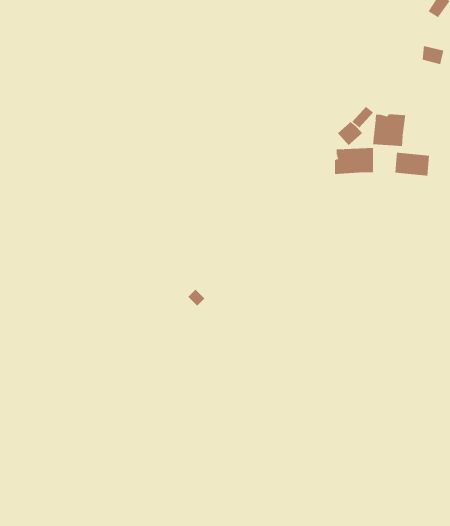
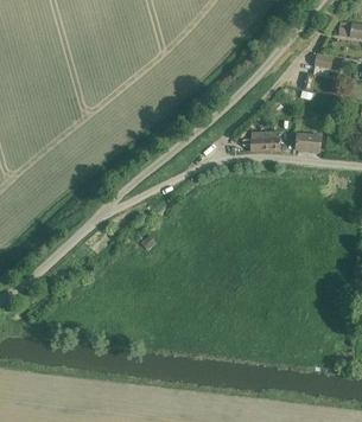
building: [372,113,406,147] -> none

